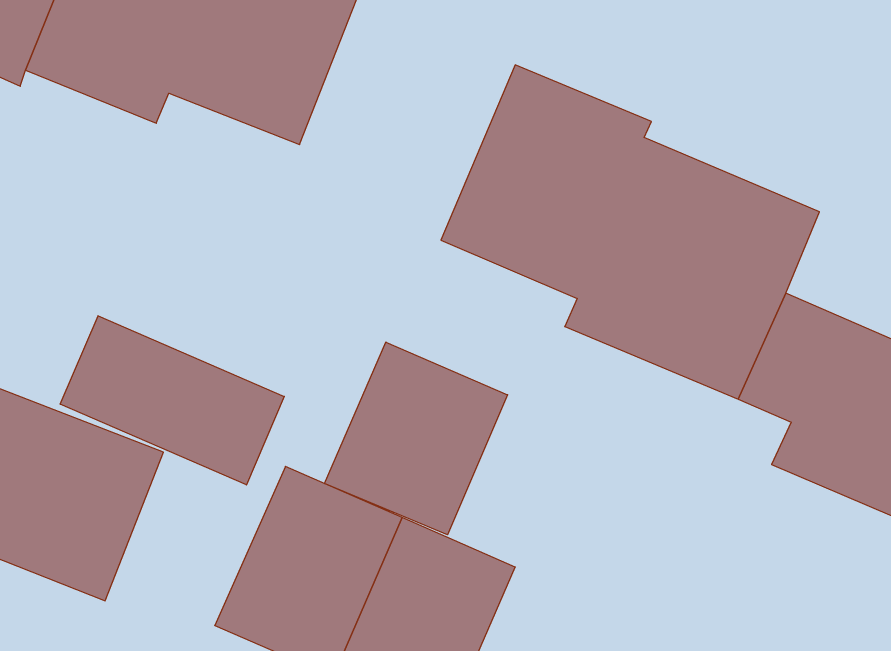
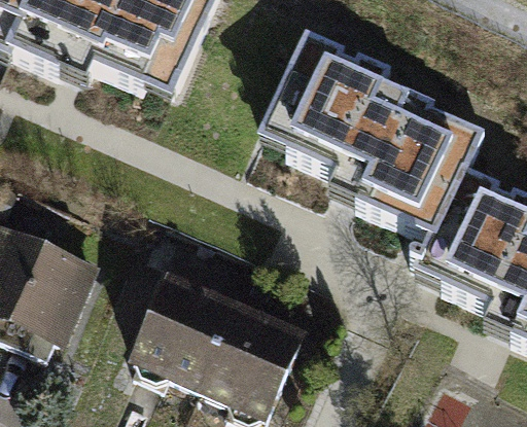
building: [60,316,284,485] -> none
building: [325,342,508,535] -> none

